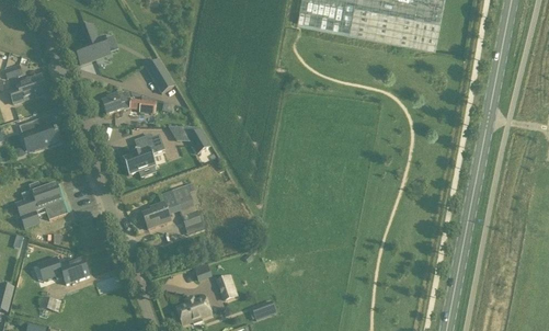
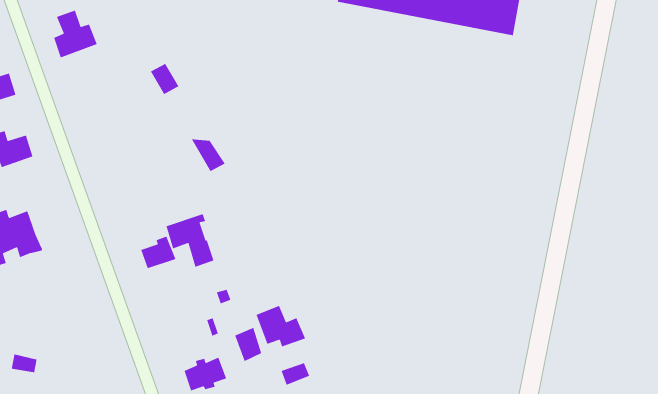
building: [101,90,155,113] -> none
building: [122,134,163,174] -> none
building: none -> [256,305,306,347]
building: [39,256,88,284] -> none

